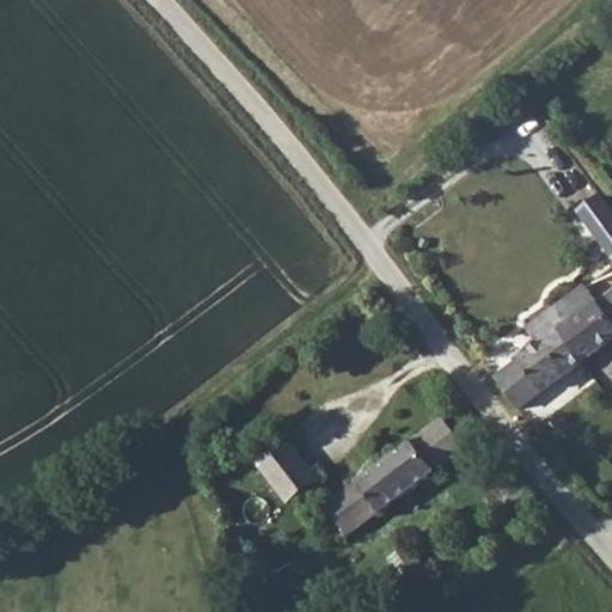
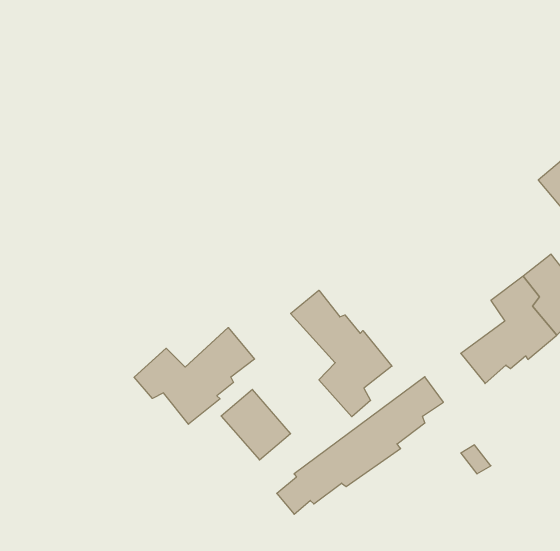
building: none -> [291,290,392,417]
building: none -> [134,328,255,424]

